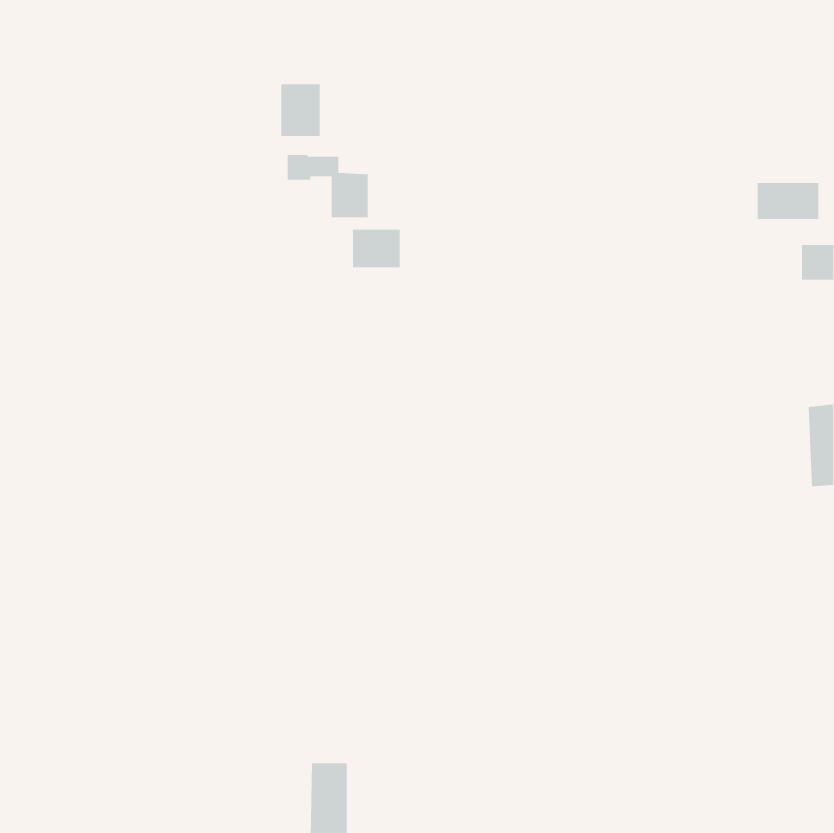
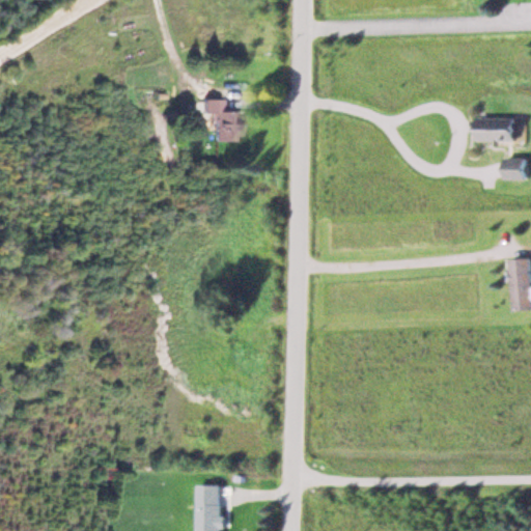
building: [280,83,321,137] -> none
building: [352,229,400,268] -> none

